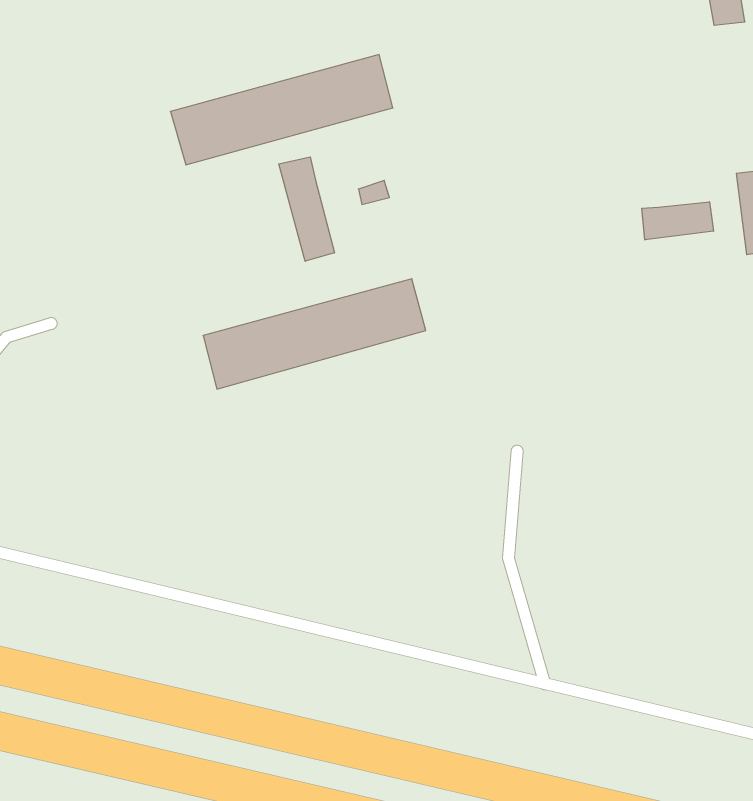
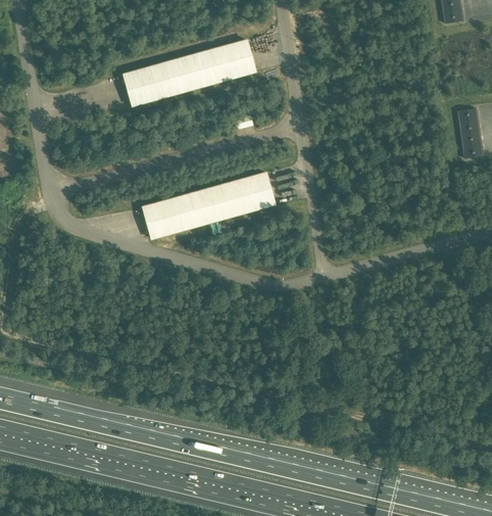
building: [279,157,334,261] -> none
building: [642,202,713,240] -> none

